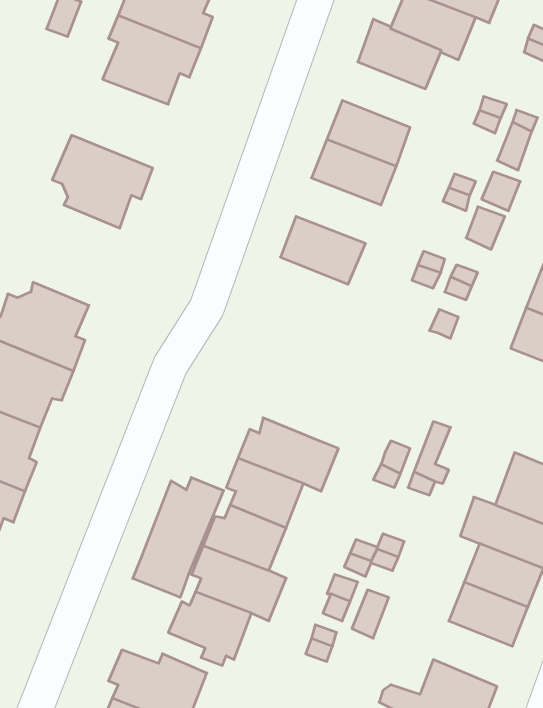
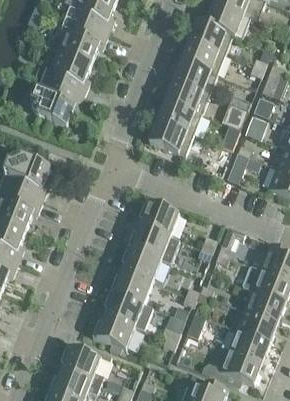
building: none -> [181,42,224,76]
building: none -> [41,51,91,97]
building: none -> [157,102,201,136]
building: none -> [139,201,179,238]
building: [133,477,224,597] -> none
building: none -> [228,331,269,365]

